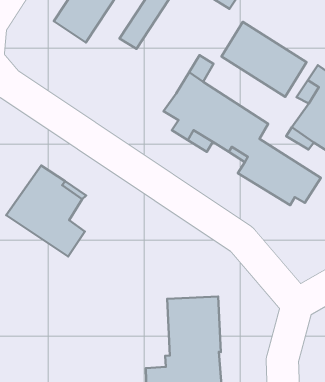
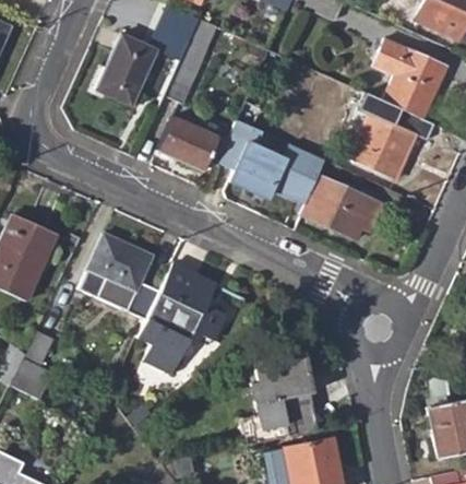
building: [222,22,306,97] -> none
building: none -> [159,117,229,168]
building: none -> [138,264,227,374]

